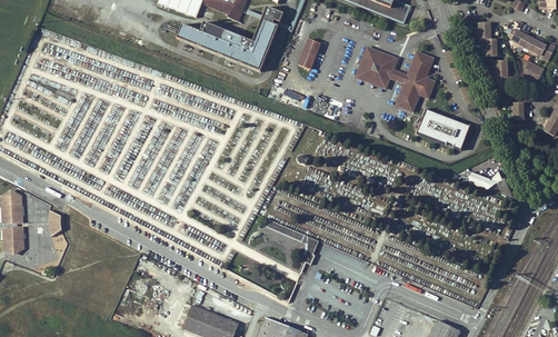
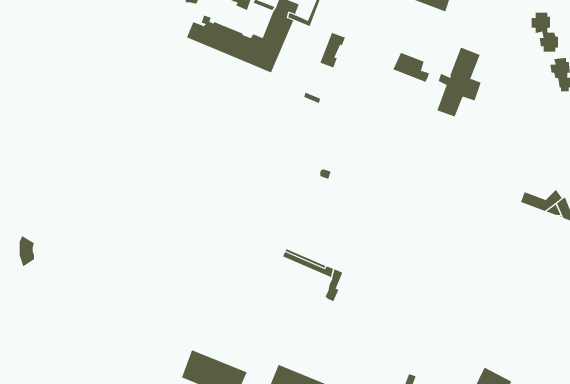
building: [356,47,408,89] -> none
building: [417,108,470,149] -> none

